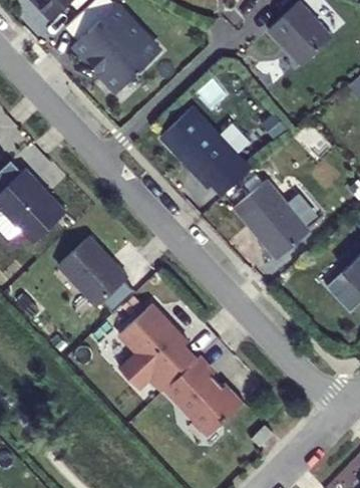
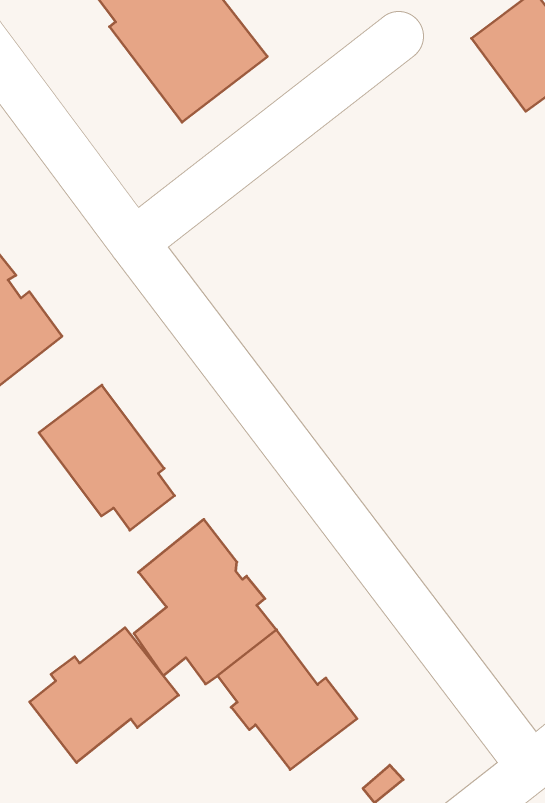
building: [160,108,251,196] -> none
building: [235,181,310,259] -> none
building: none -> [30,628,179,763]

